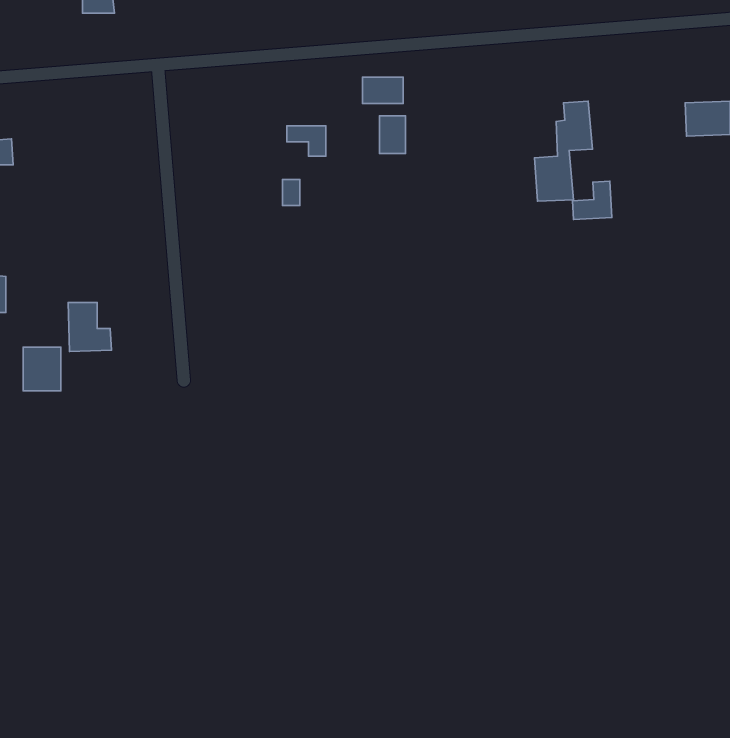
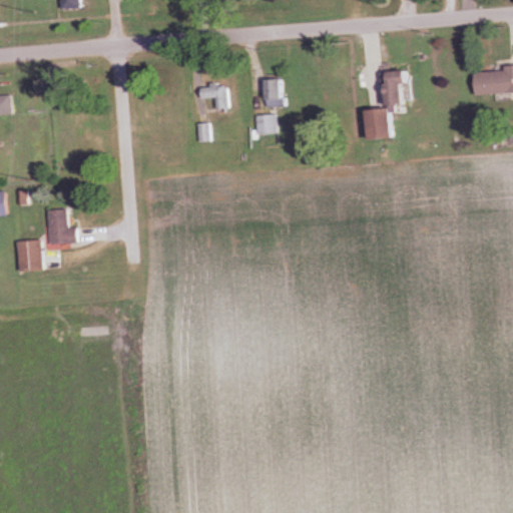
building: [363,77,403,103] -> none
building: none -> [253,115,275,134]
building: [572,181,612,220] -> none

